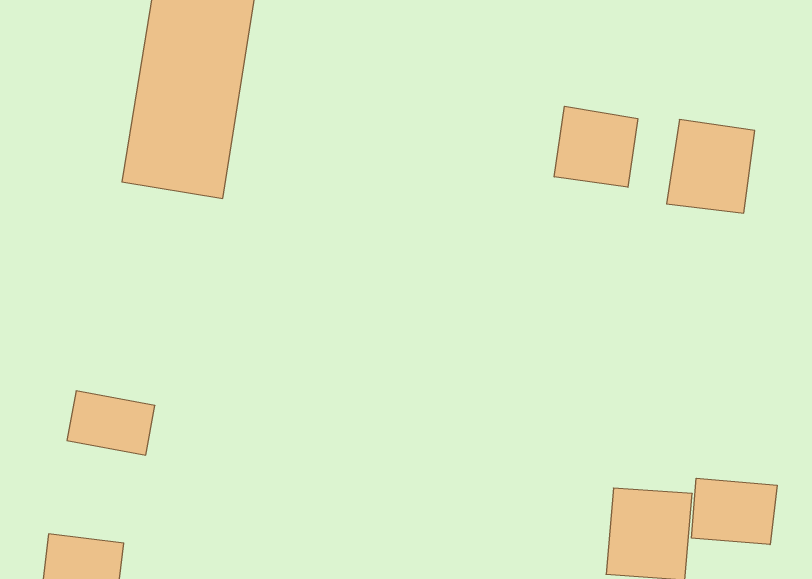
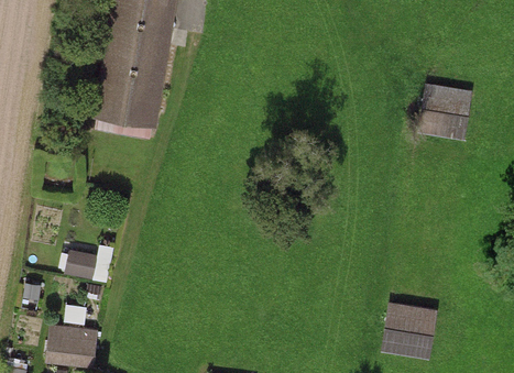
building: [554,106,638,187] -> none
building: [692,478,777,545] -> none

